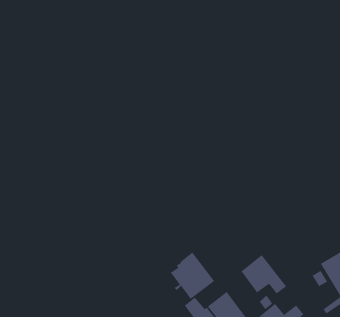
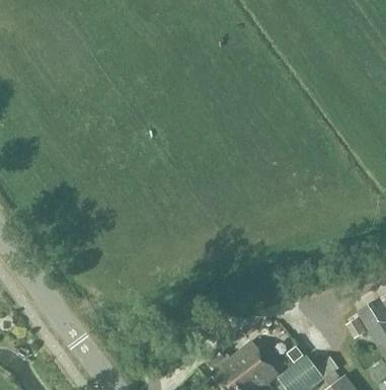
building: [170,252,215,300] -> none
building: [240,254,287,295] -> none

